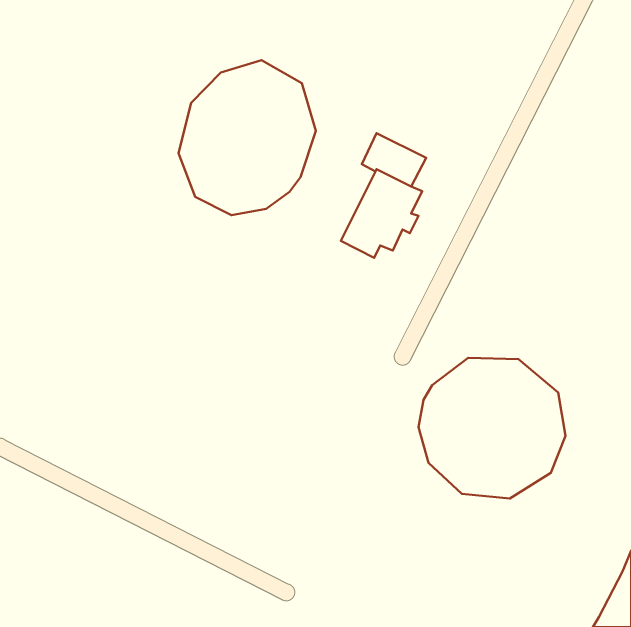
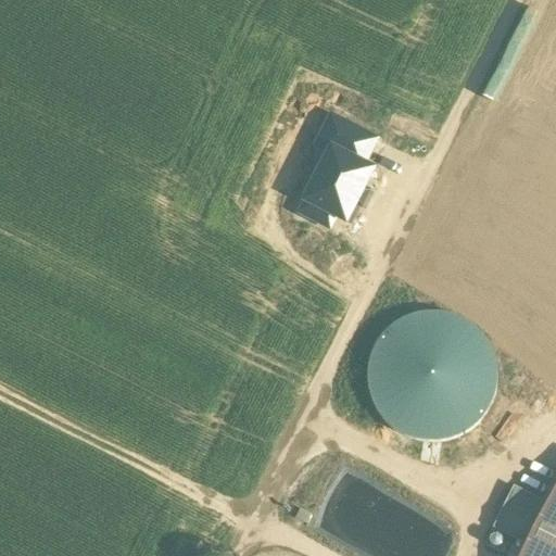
building: [178,60,316,215] -> none
building: none -> [493,486,547,543]

